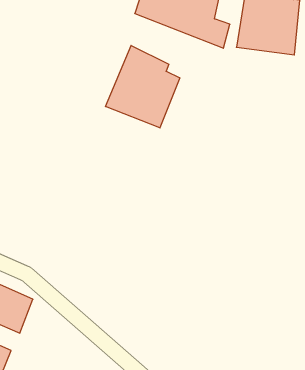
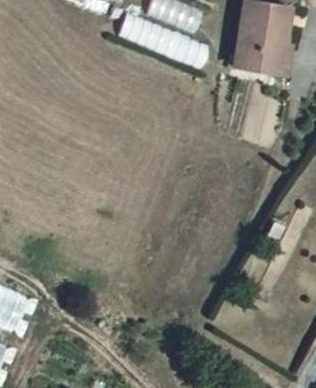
building: [106,45,180,128] -> none

